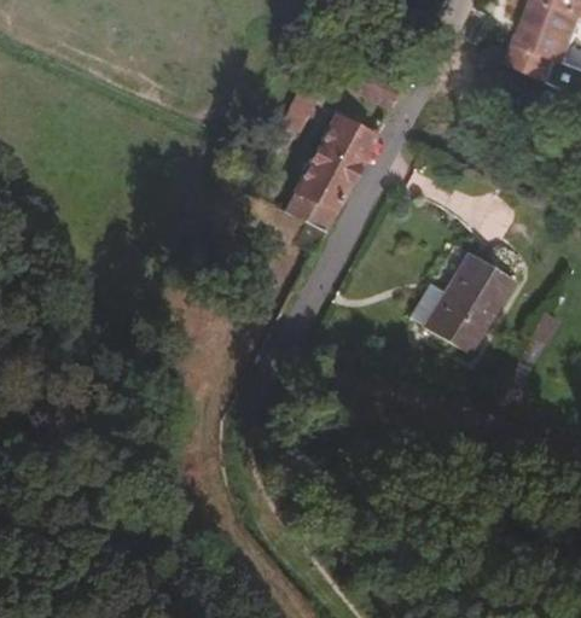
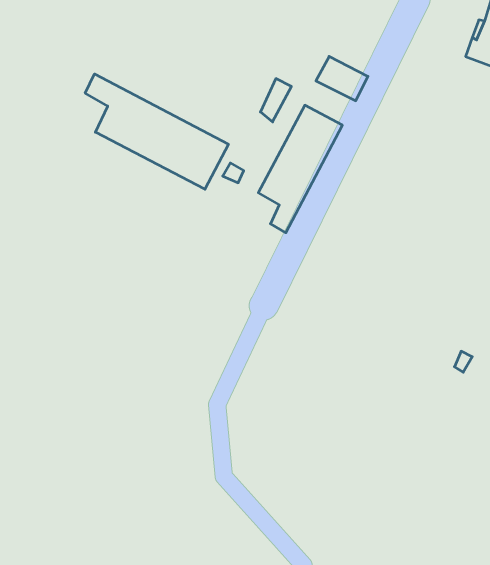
building: none -> [85,74,228,189]
building: [426,252,513,352] -> none

